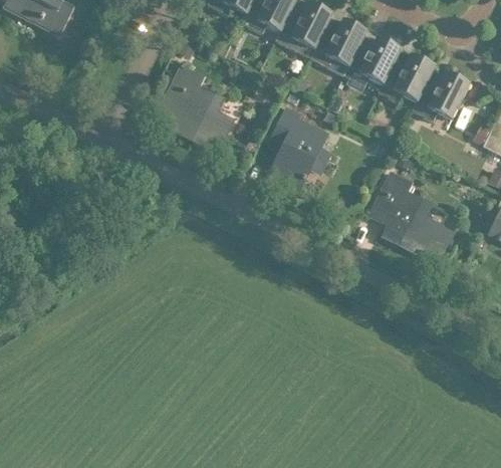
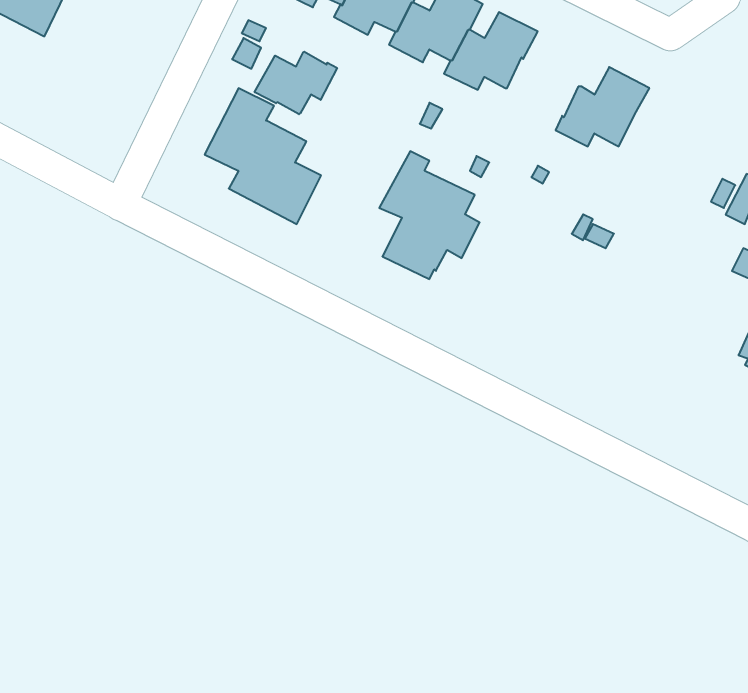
building: [343,35,403,89] -> none
building: none -> [255,52,337,114]
building: [412,69,470,119] -> none
building: [370,171,456,254] -> none

